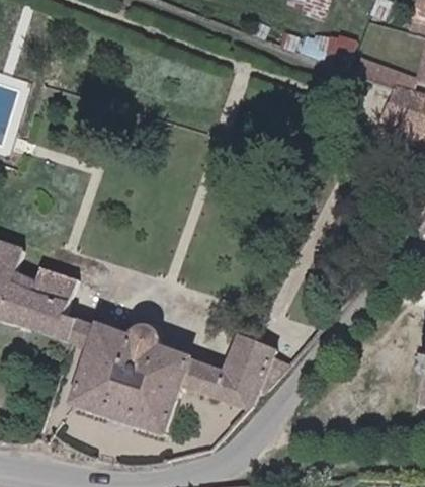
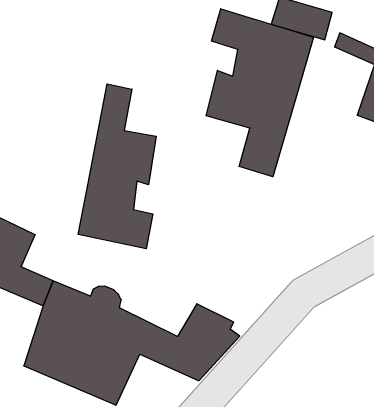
building: none -> [206,9,314,177]
building: none -> [78,84,156,249]

